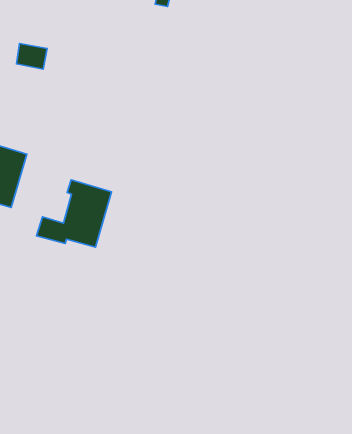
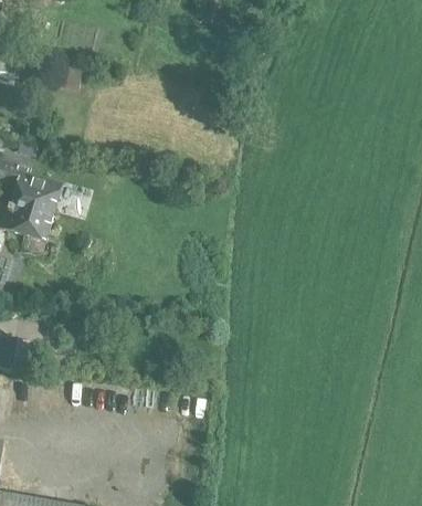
building: [37,180,112,247] -> none

